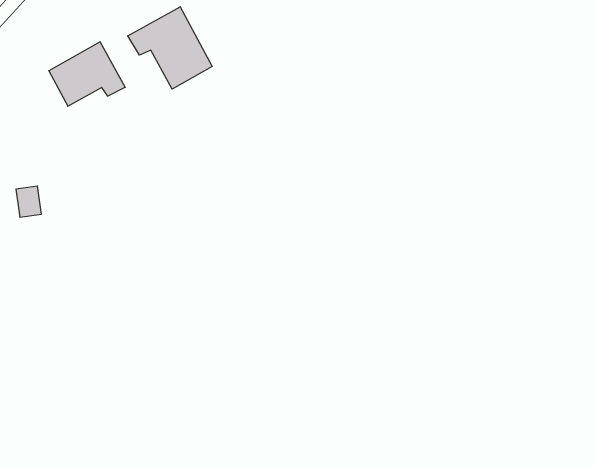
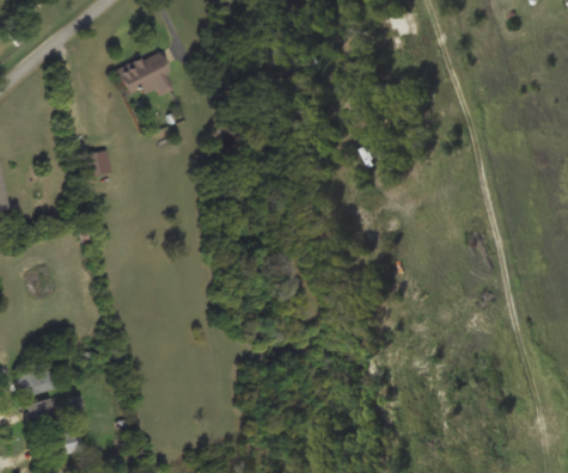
building: [128,7,212,89] -> none

